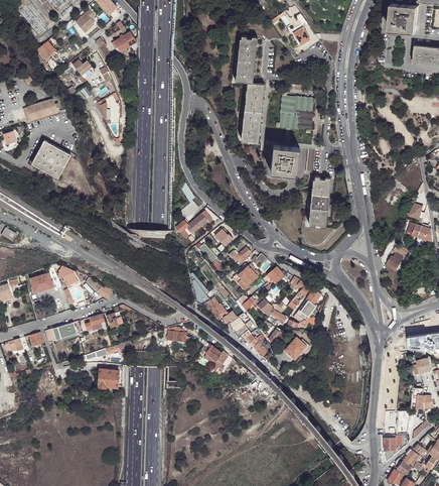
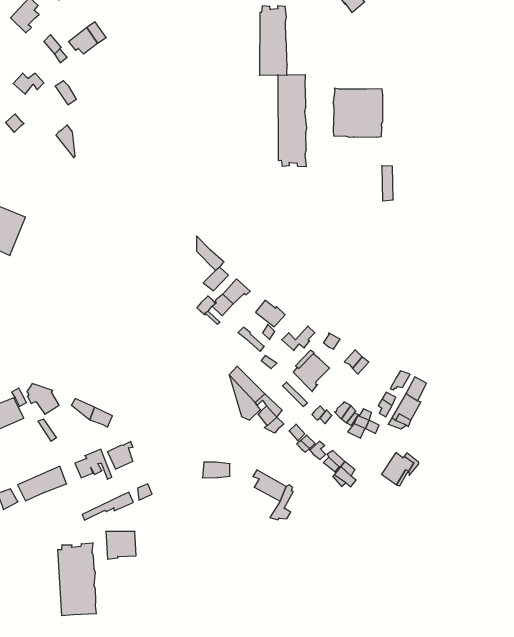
building: [270,144,299,174] -> none
building: [308,175,331,227] -> none
building: none -> [58,543,96,616]

